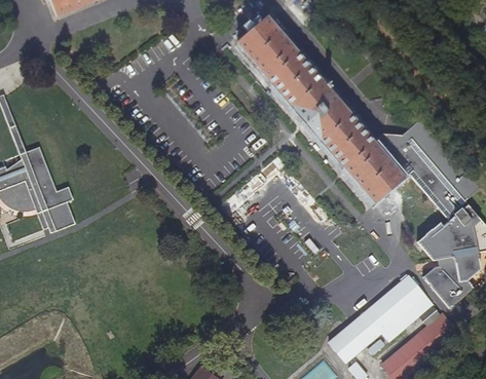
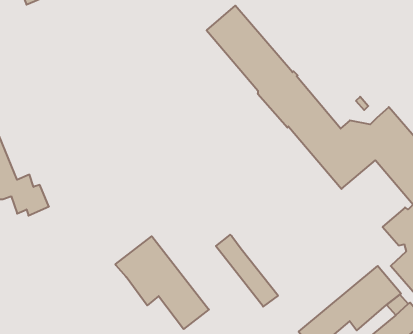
building: none -> [216,235,278,307]
building: none -> [115,236,209,329]

